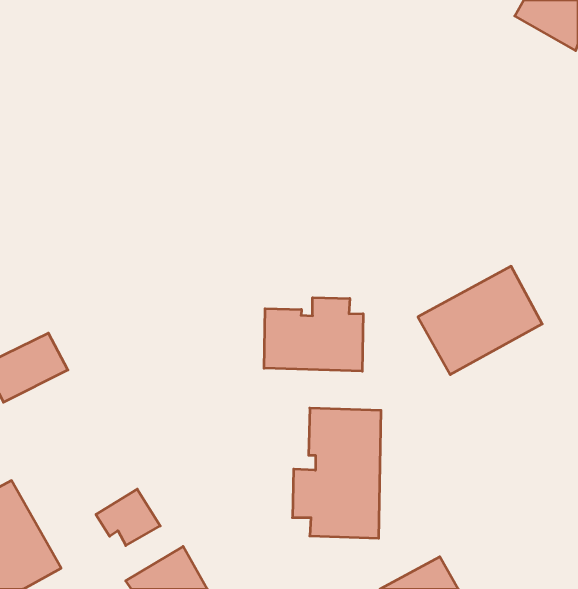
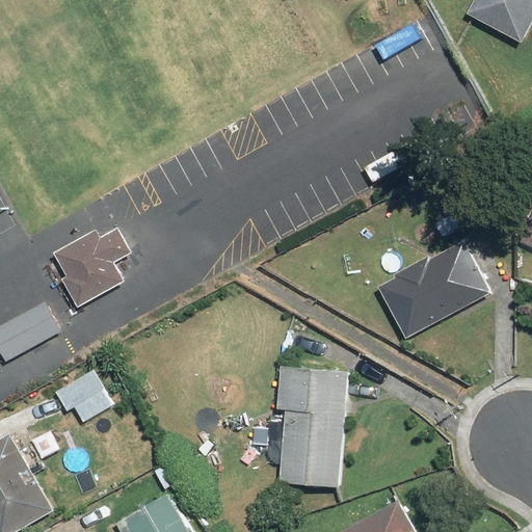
building: none -> [52,228,134,308]
building: [264,298,363,371] -> none
building: [96,489,160,546] -> [53,370,111,421]

